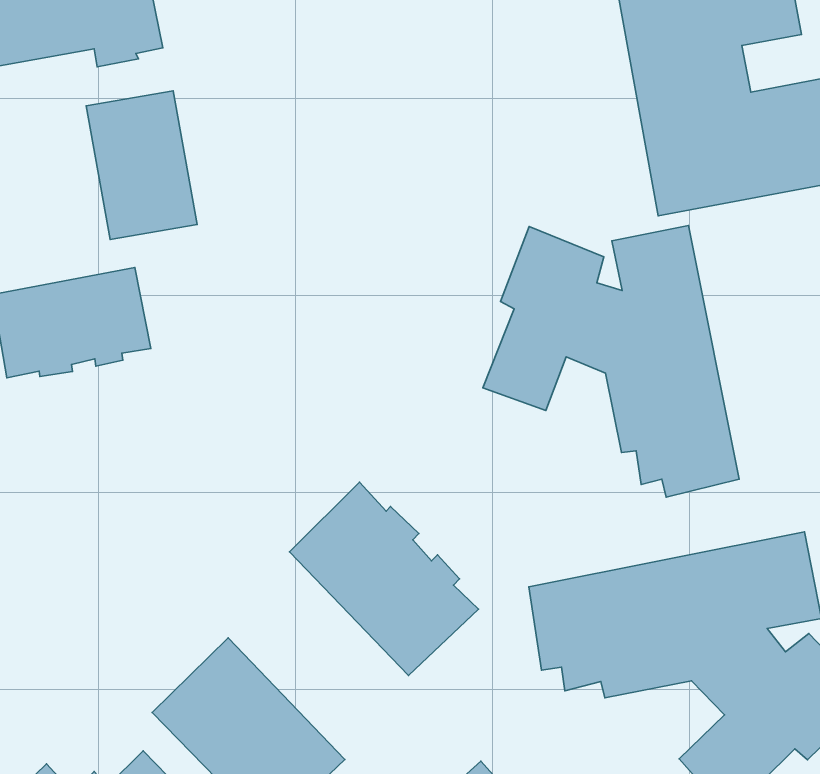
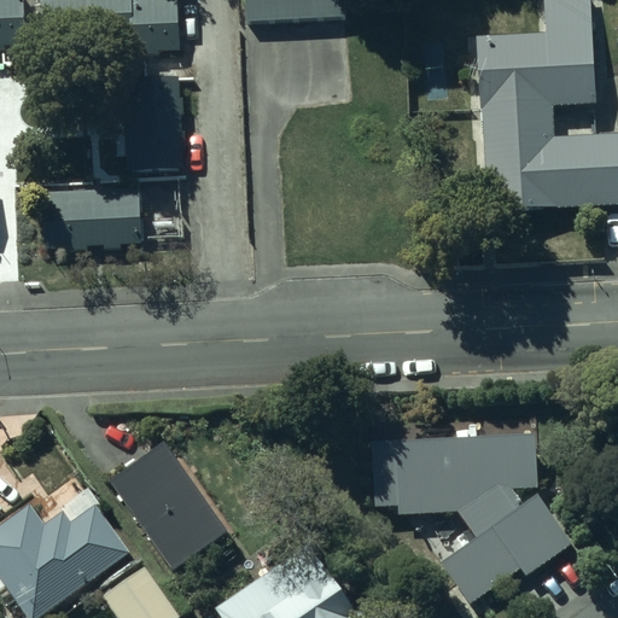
building: [483,225,739,497] -> none
building: [290,482,479,675] -> none

